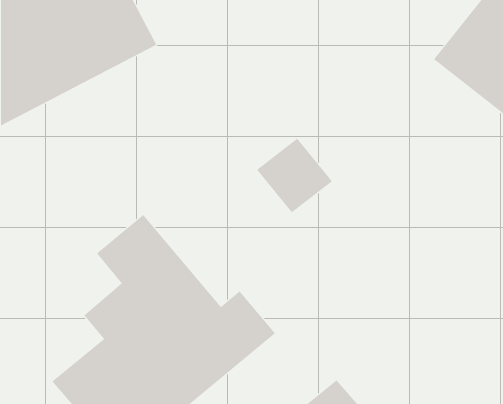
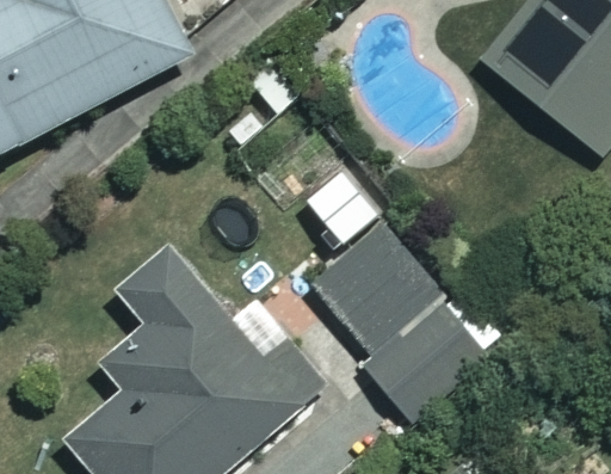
building: none -> [313,227,490,421]

